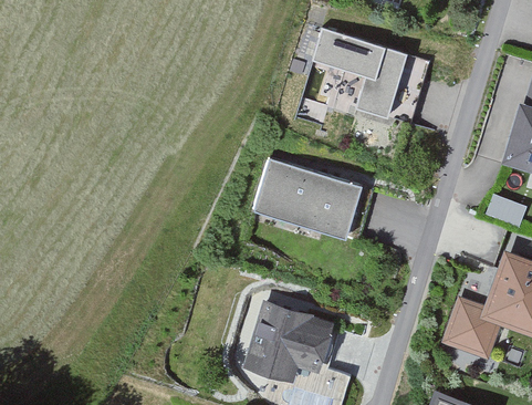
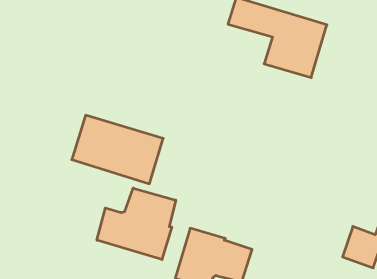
building: [252,157,362,239] -> [72,115,163,184]
building: none -> [97,188,176,260]

